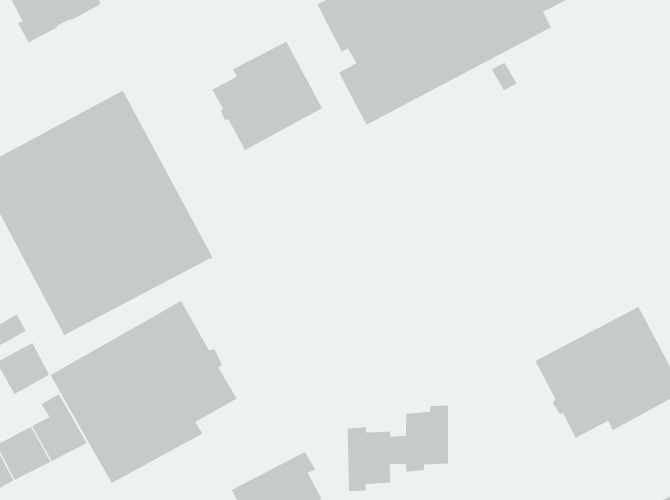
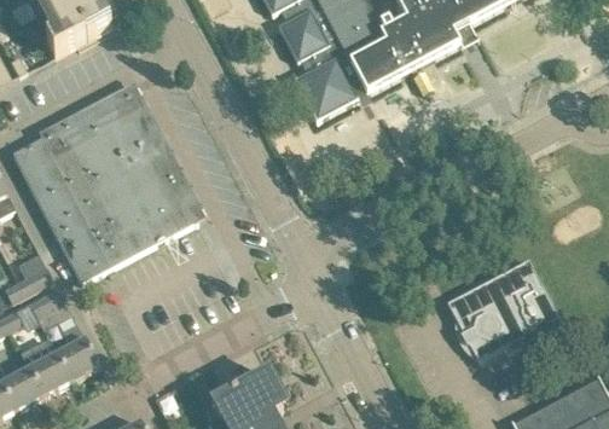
building: [212,41,323,151] -> none
building: [50,300,237,484] -> none
building: [347,405,448,492] -> none

